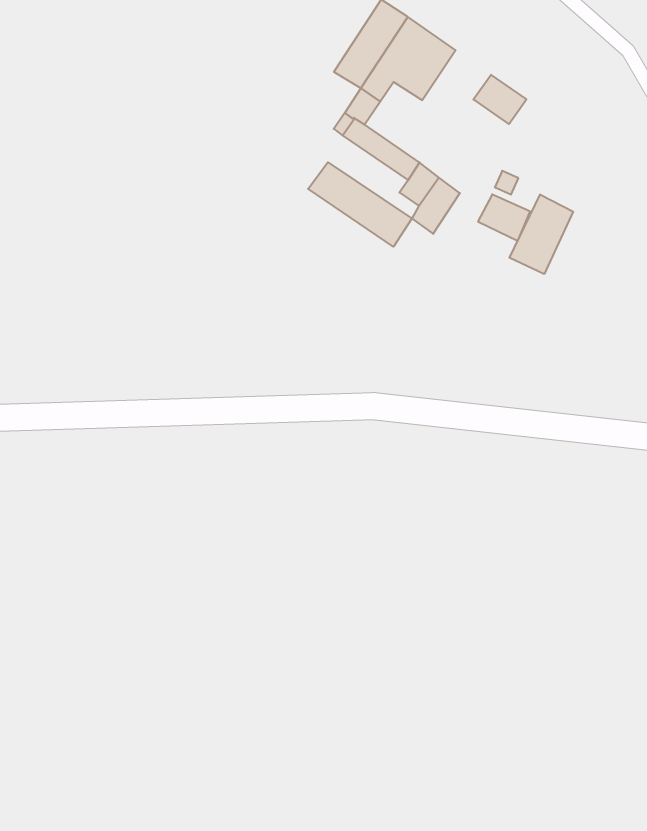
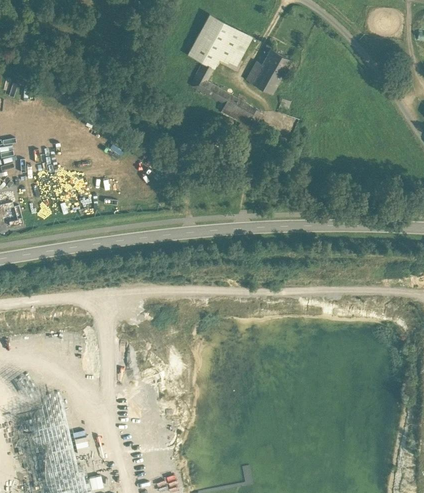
building: none -> [247,62,282,95]
building: [308,162,412,247] -> none
building: [509,194,573,274] -> none

